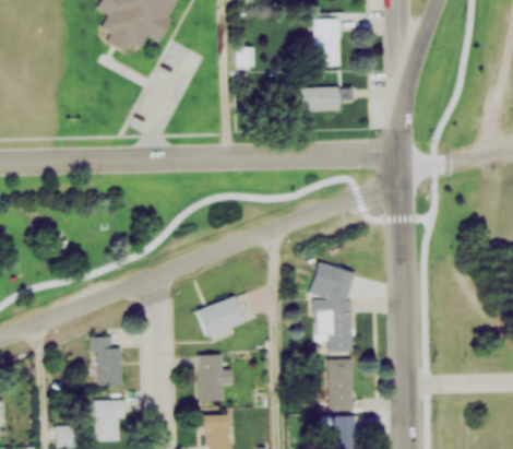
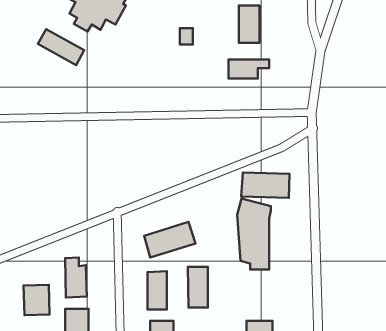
building: none -> [38,29,84,65]
building: none -> [241,172,289,198]
building: [327,358,353,410] -> [188,267,208,308]
building: none -> [24,285,50,315]

